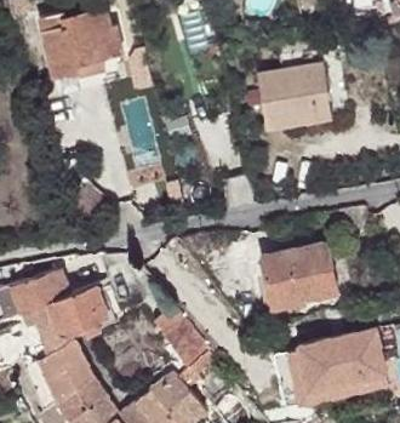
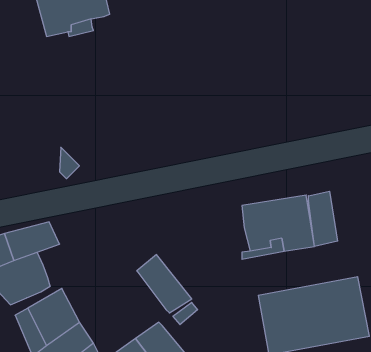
building: [259,63,333,131] -> none
building: none -> [308,191,338,246]
building: [47,285,107,336] -> none

